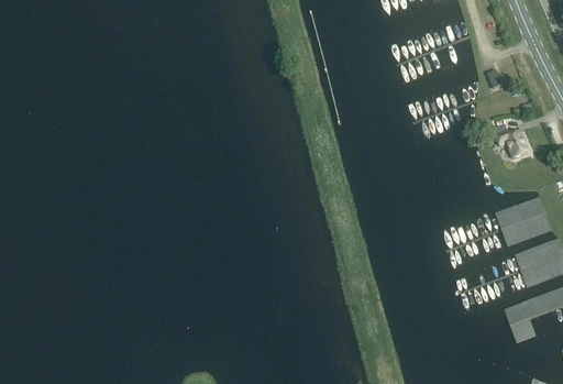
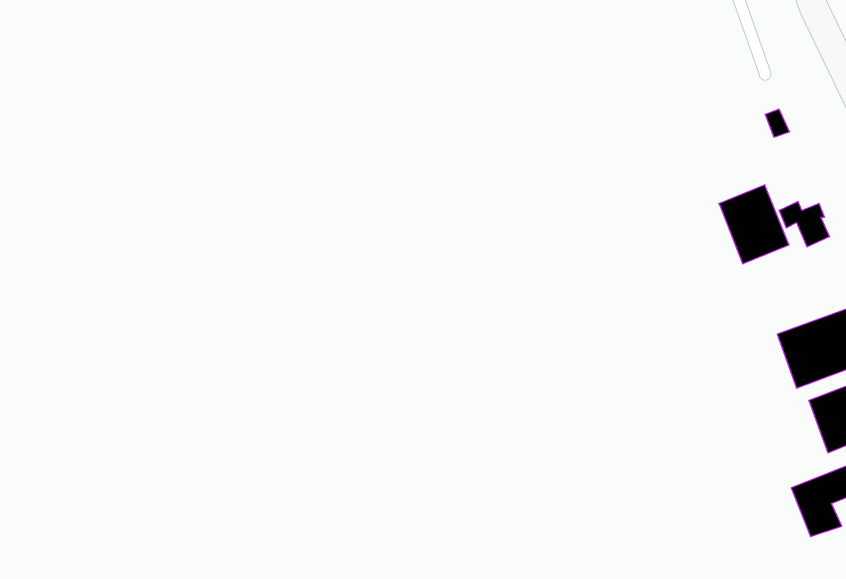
building: none -> [719,185,789,264]

